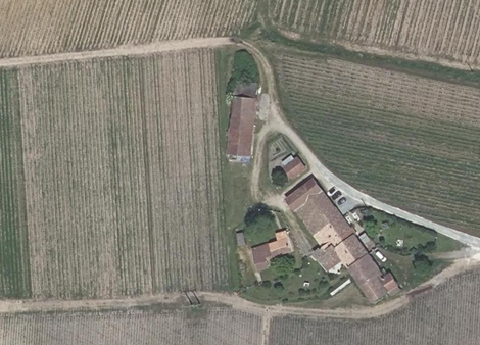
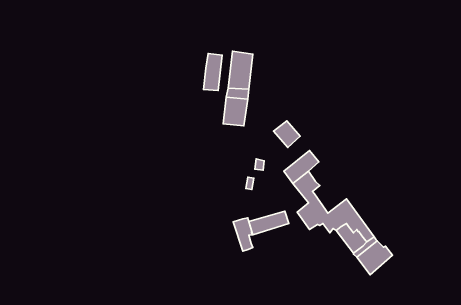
building: none -> [203,53,222,91]
building: [311,191,349,242] -> none
building: none -> [233,218,253,251]

